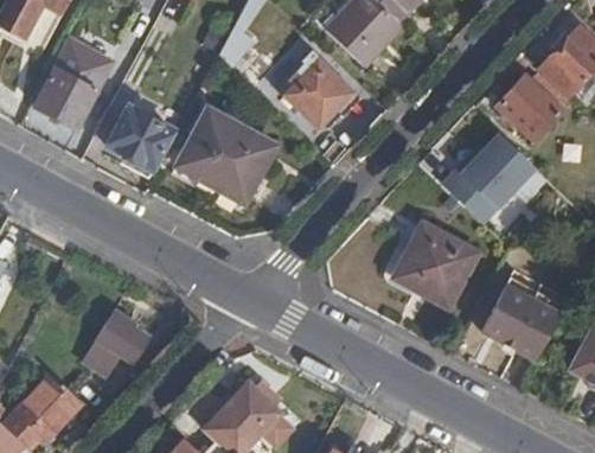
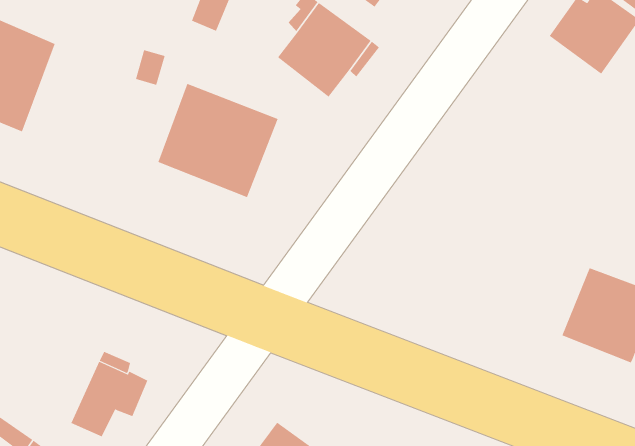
building: [105,104,178,180] -> none
building: [443,130,537,223] -> none
building: [396,223,479,308] -> none

